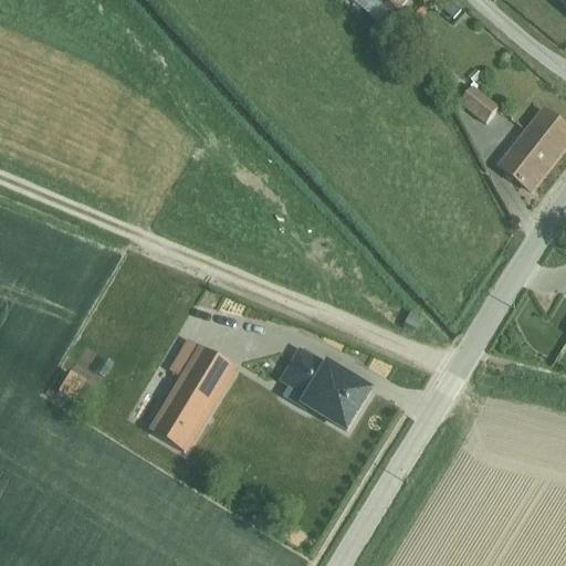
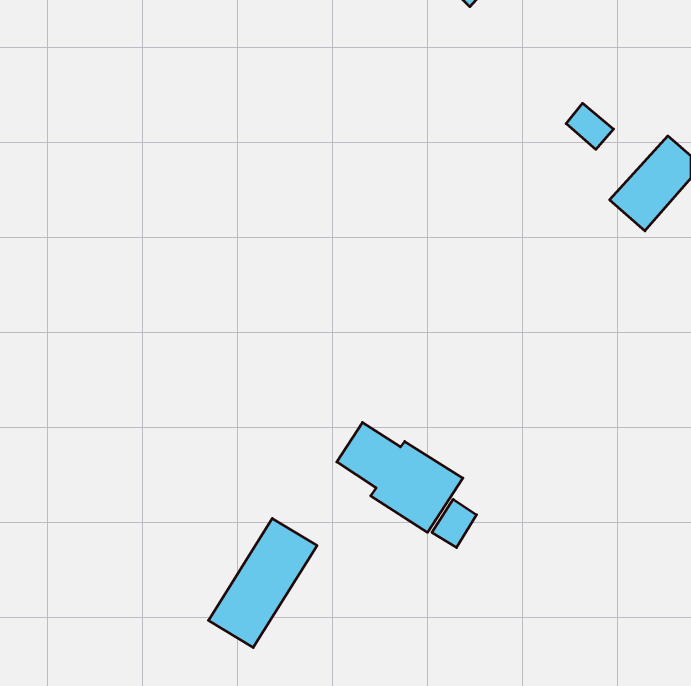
building: [149,347,238,452] -> [208,518,317,648]
building: none -> [432,499,477,548]

